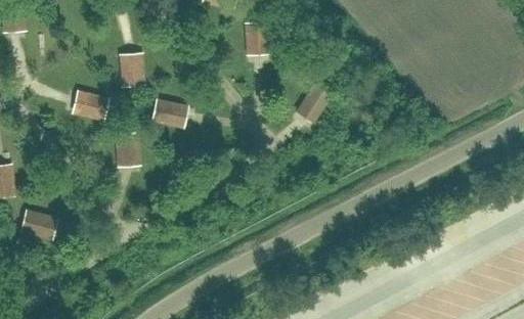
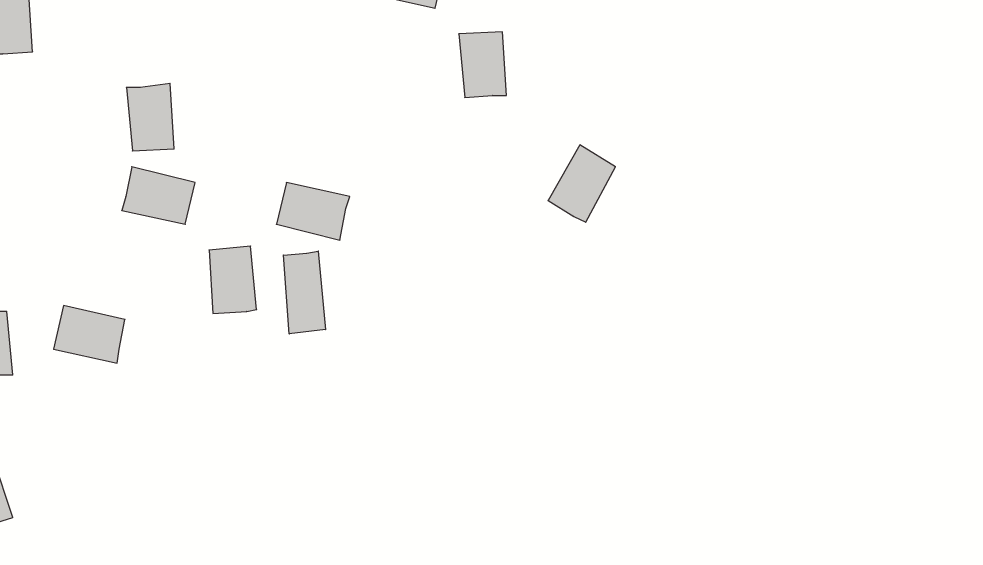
building: [121,51,145,86] -> [126,83,174,151]
building: none -> [283,251,326,334]
building: [21,210,58,239] -> [54,306,125,363]

